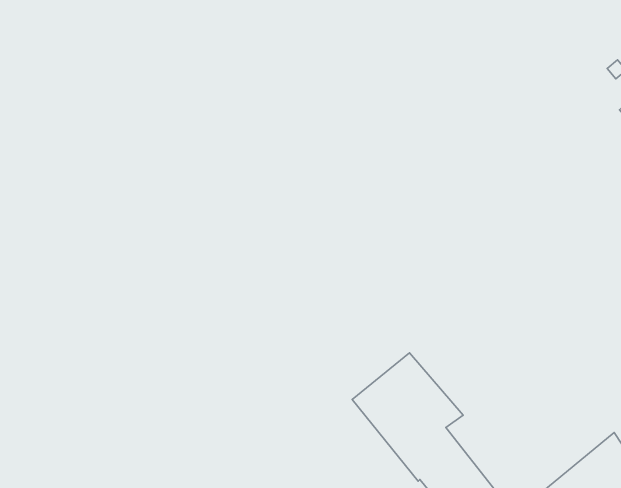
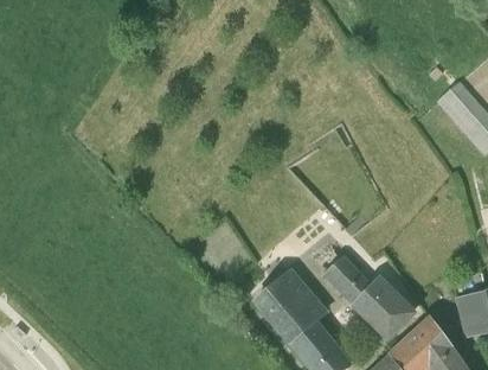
building: none -> [322,257,417,343]

